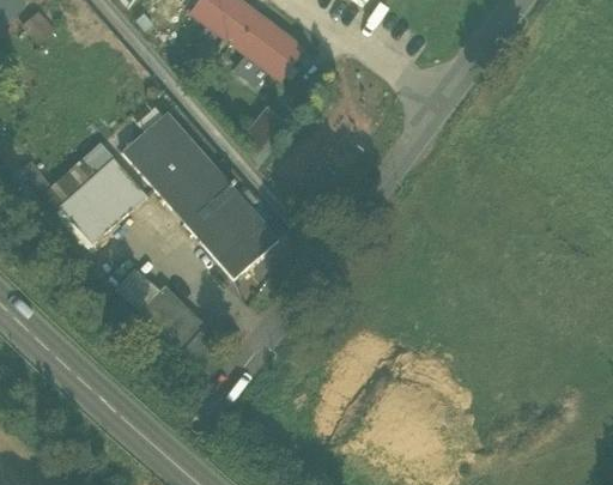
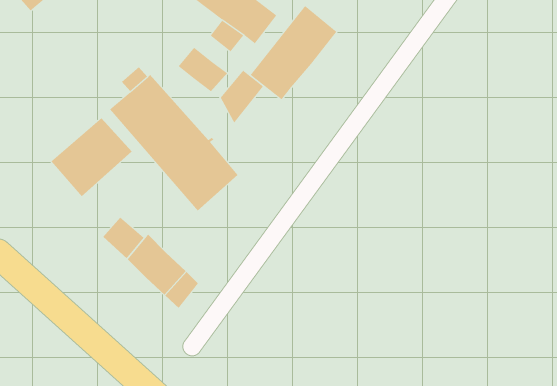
building: none -> [250,5,337,100]
building: none -> [178,47,228,92]
building: [44,141,114,206] -> none
building: [218,220,279,278] -> none

